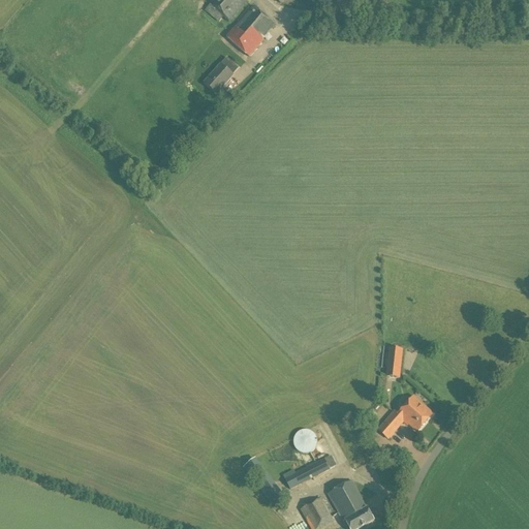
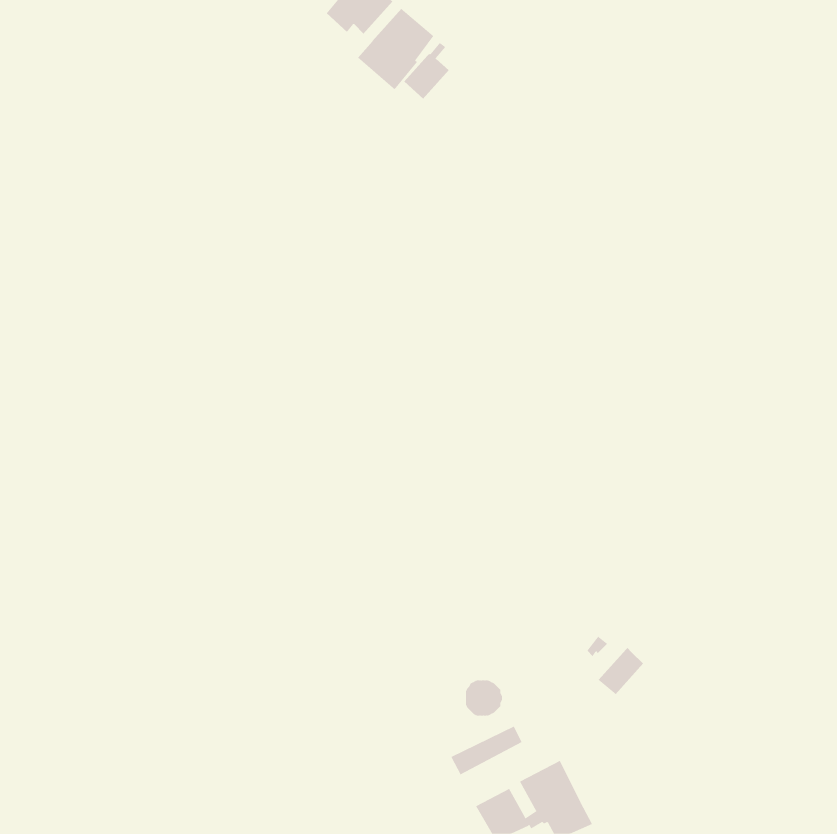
building: [205,57,234,93] -> [404,42,449,100]
building: [385,346,403,377] -> none
building: [399,396,433,429] -> none

